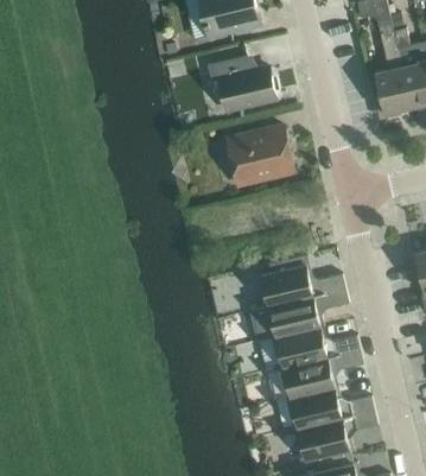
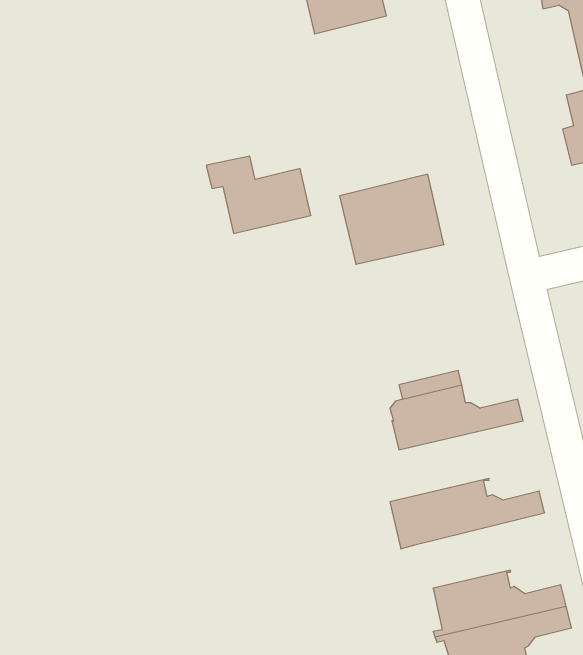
building: [208,59,276,110] -> [207,156,311,233]
building: [250,288,349,342] -> none
building: [271,349,363,401] -> none

